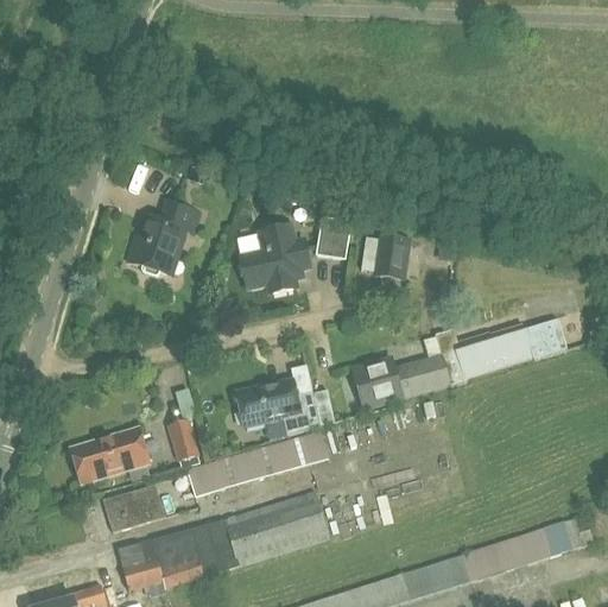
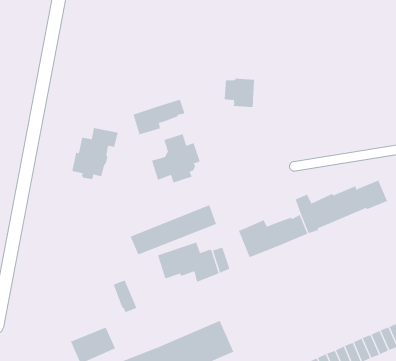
building: none -> [133,99,185,135]
building: [315,216,350,258] -> none
building: [361,234,407,278] -> [224,78,255,108]
building: [70,428,148,483] -> none
building: [186,435,310,495] -> [130,204,217,255]

